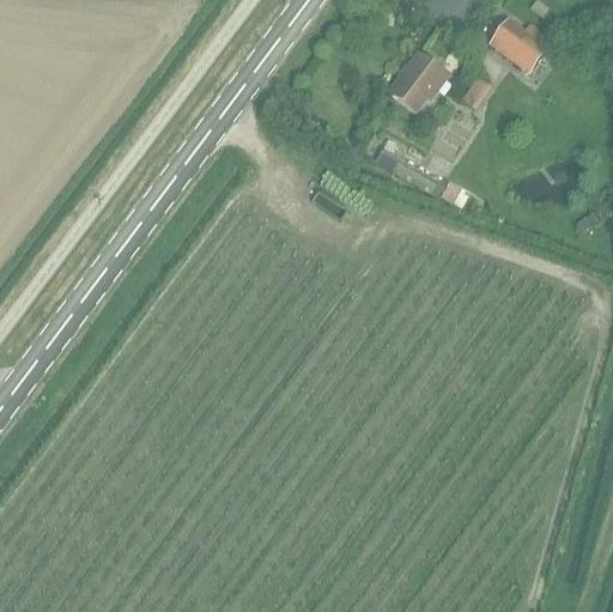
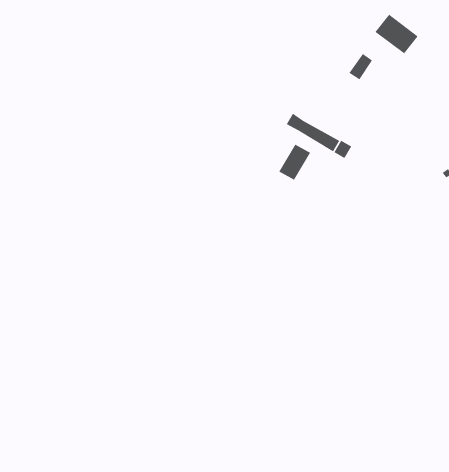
building: [388,53,447,111] -> none
building: none -> [279,144,311,181]

